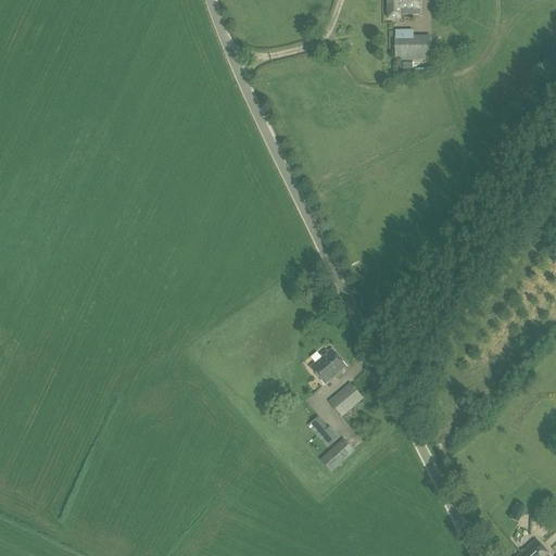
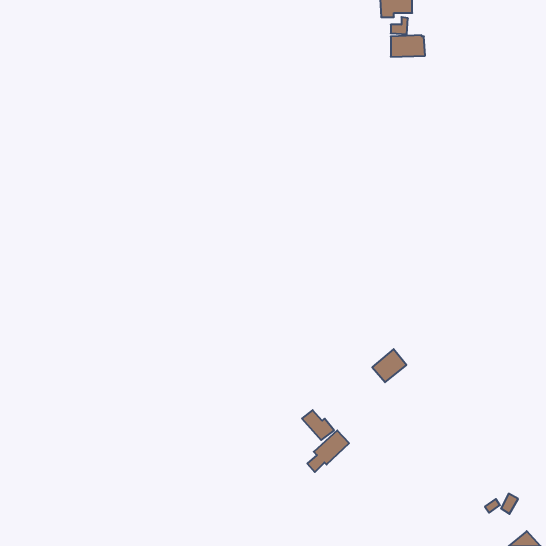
building: [309,348,345,383] -> none
building: [328,381,363,415] -> [372,349,406,382]

